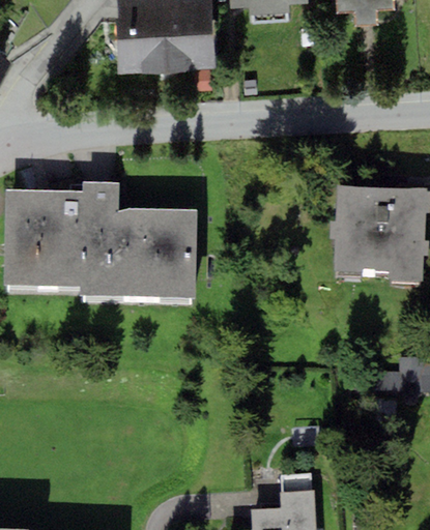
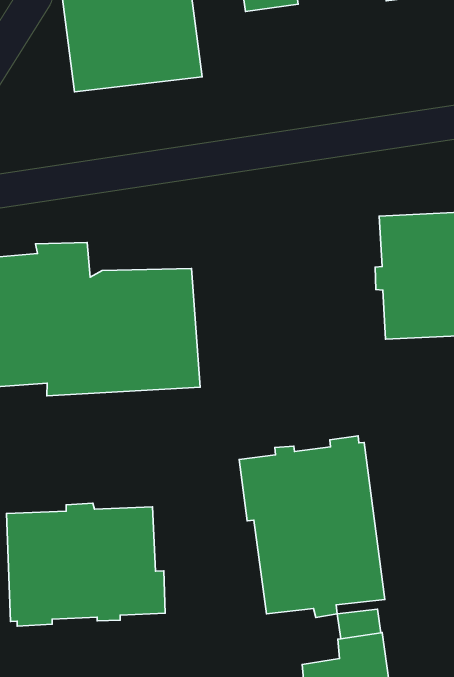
building: none -> [239,436,385,617]
building: none -> [6,503,165,626]

